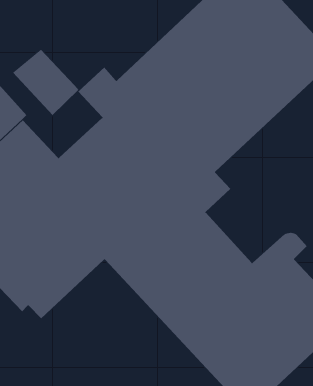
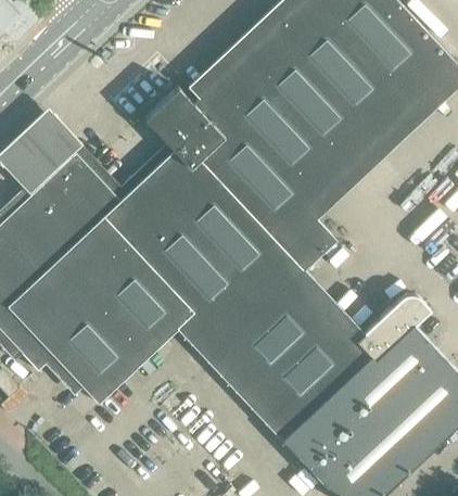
building: [12,49,79,116] -> none

